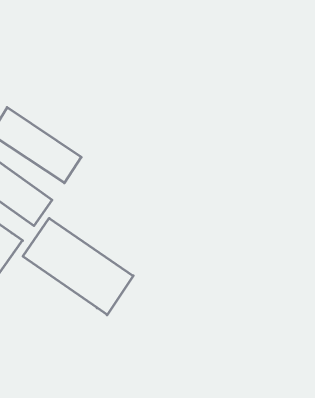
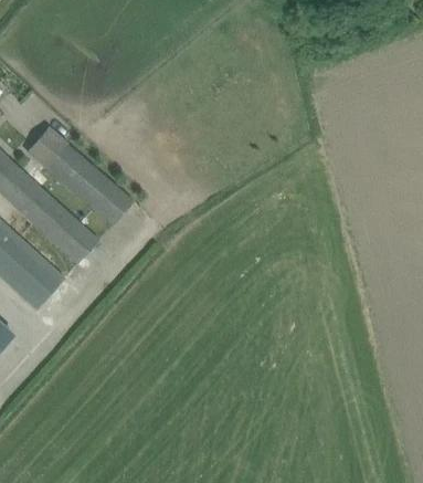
building: [23,218,133,315] -> none

